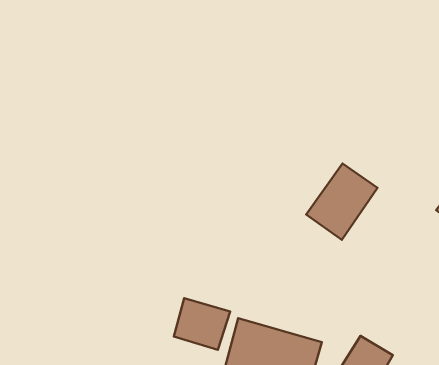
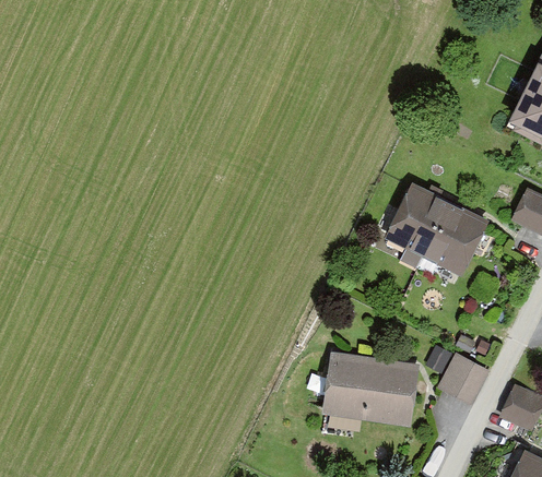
building: none -> [422,204,487,279]
building: [174,298,230,350] -> none

